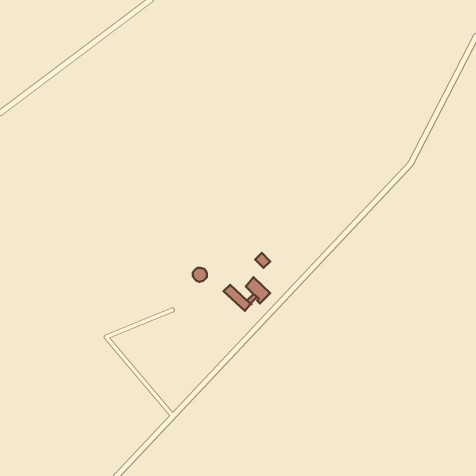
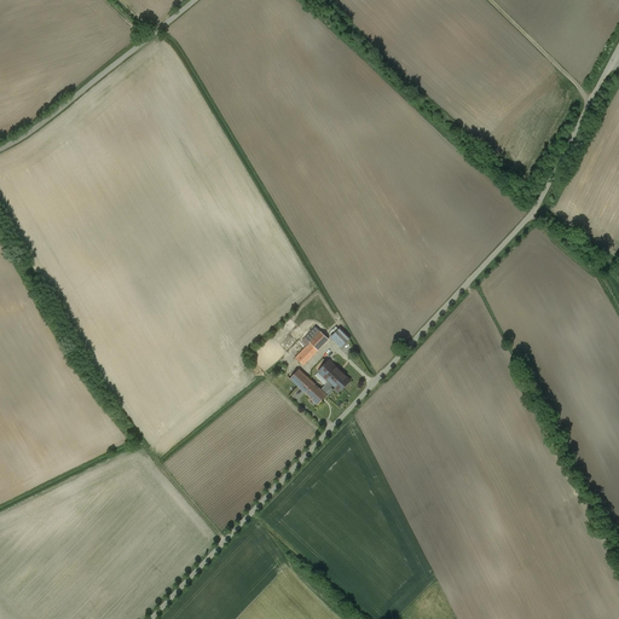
building: none -> [295,325,329,365]

